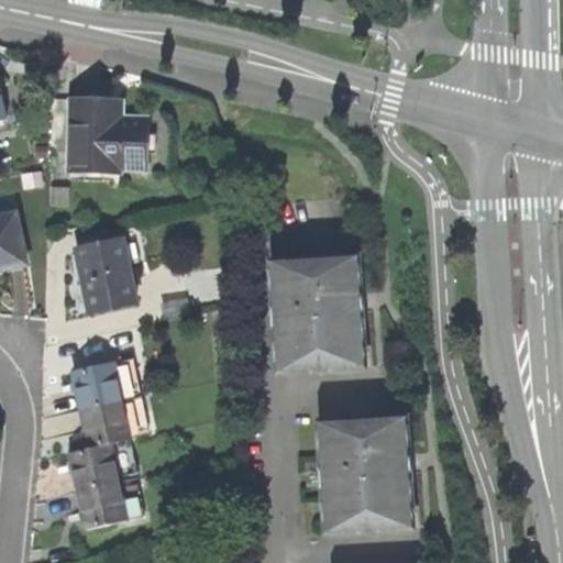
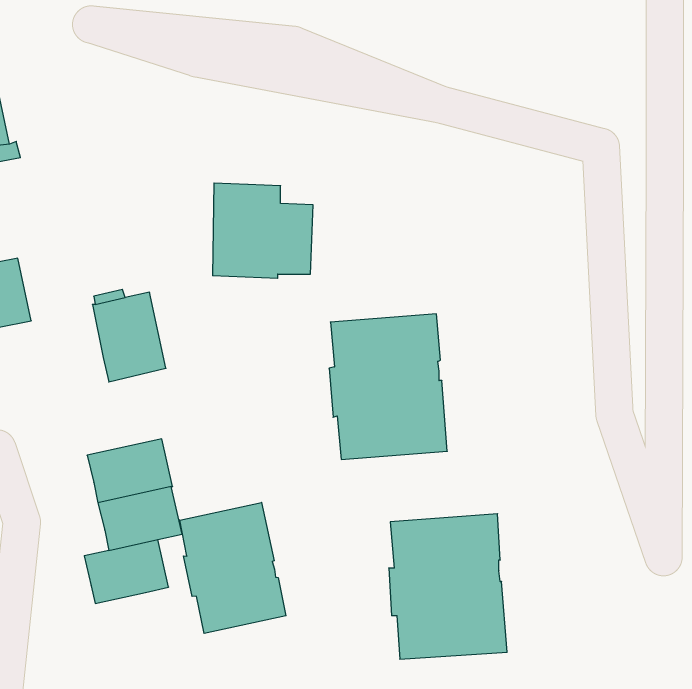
building: [67,98,148,175] -> [213,183,313,278]
building: none -> [180,502,286,633]
building: [77,479,125,525] -> none

